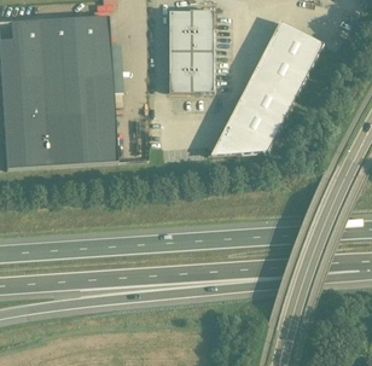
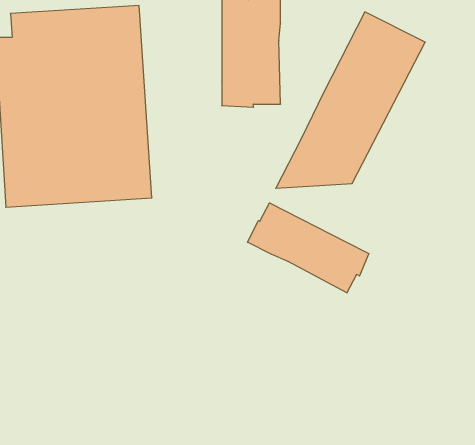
building: none -> [247,203,369,293]

